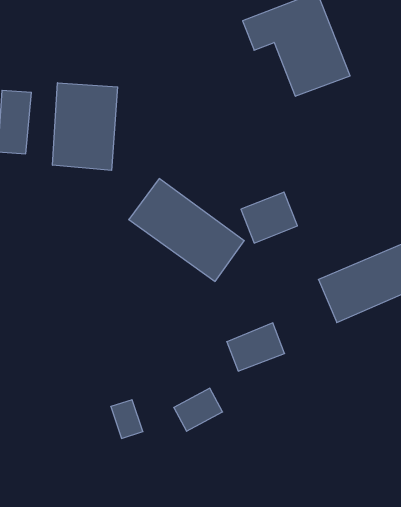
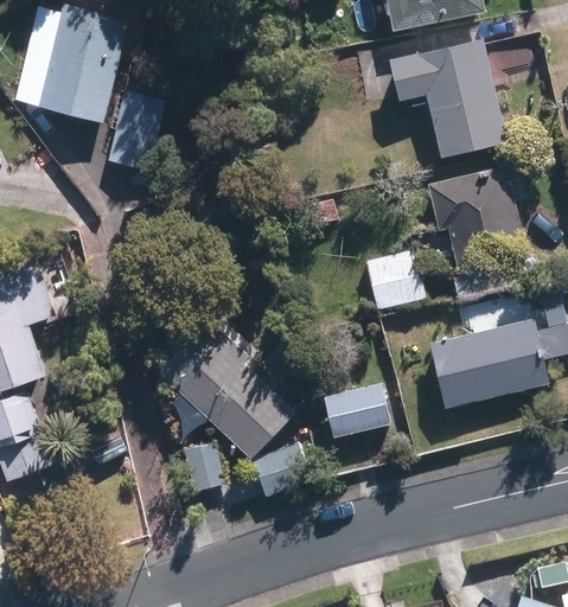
building: [53,83,118,170] -> none
building: none -> [432,171,518,273]
building: [129,179,244,281] -> [171,331,289,449]

